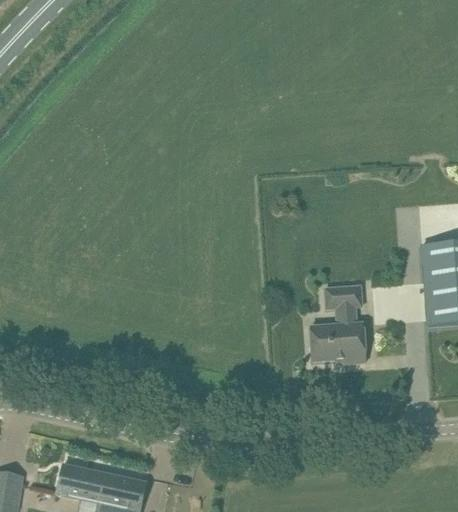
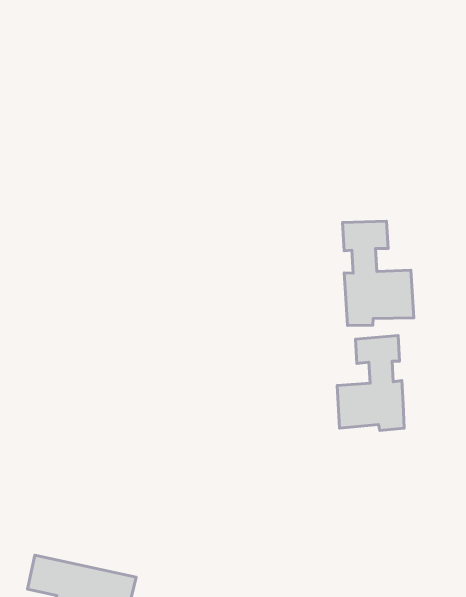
building: none -> [342,221,414,326]

